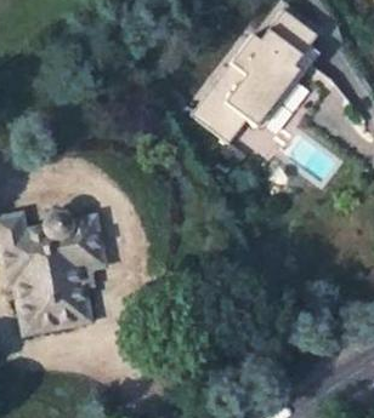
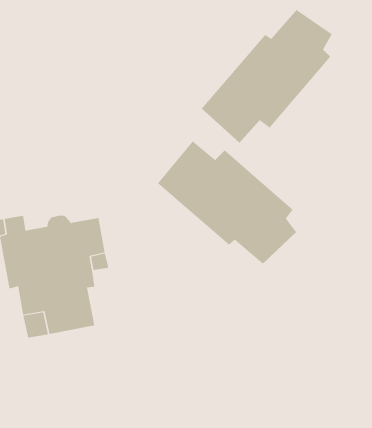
building: none -> [157,140,297,265]

